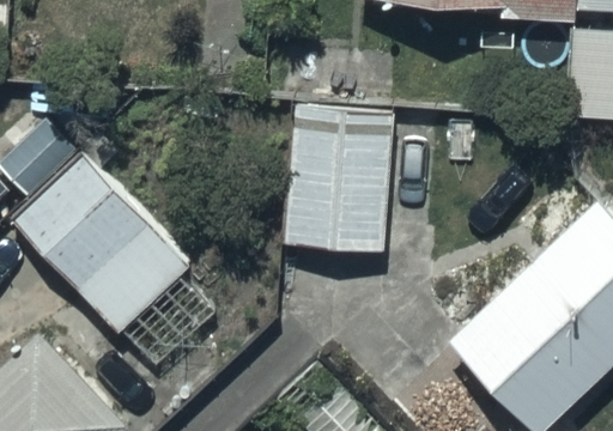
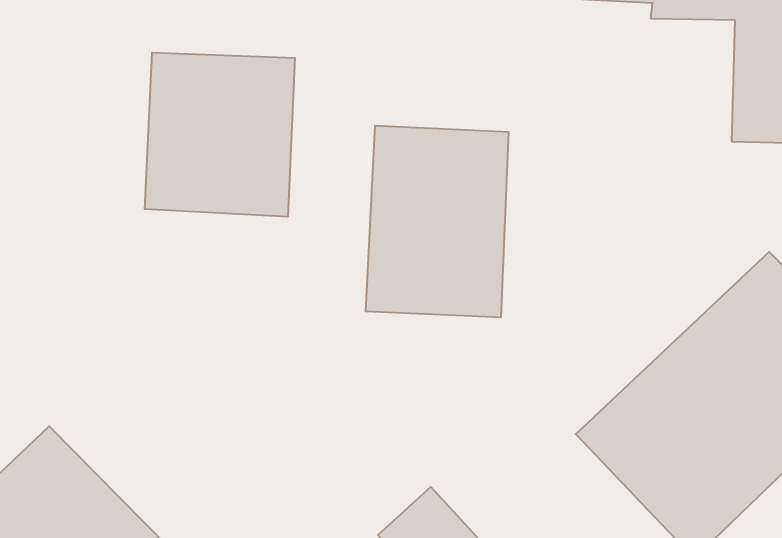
building: none -> [145,52,295,217]
building: [11,153,189,333] -> none

